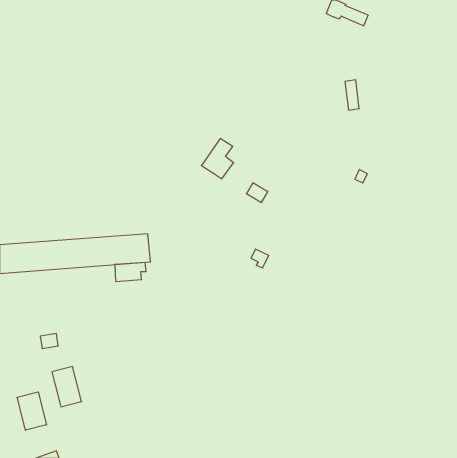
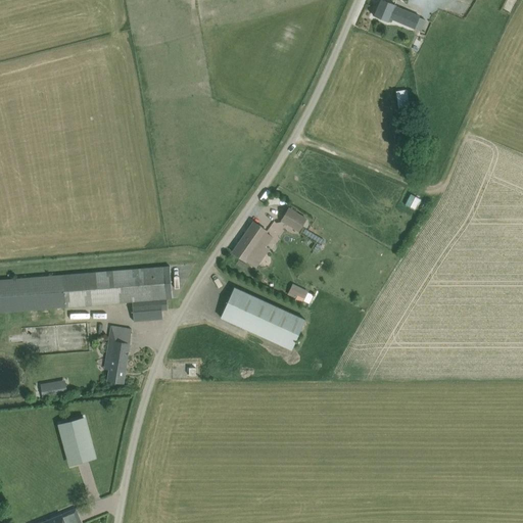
building: [201,138,234,179] -> [231,222,268,268]
building: none -> [220,287,304,350]
building: none -> [106,326,131,383]
building: [17,392,47,430] -> none

